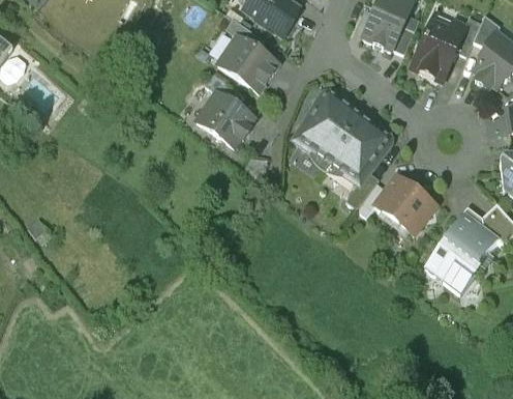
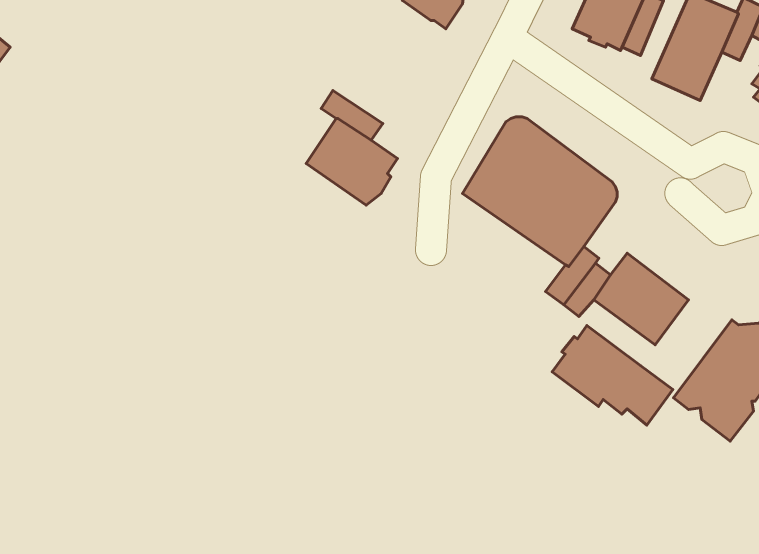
building: [217,35,276,91] -> none
building: none -> [552,325,673,425]

